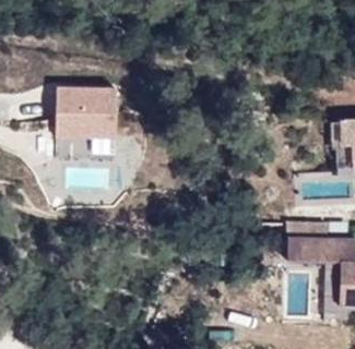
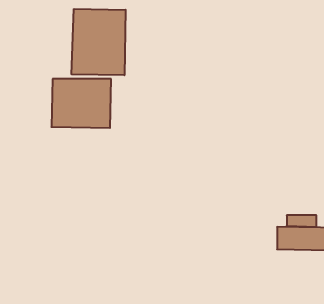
building: none -> [72,9,126,75]

